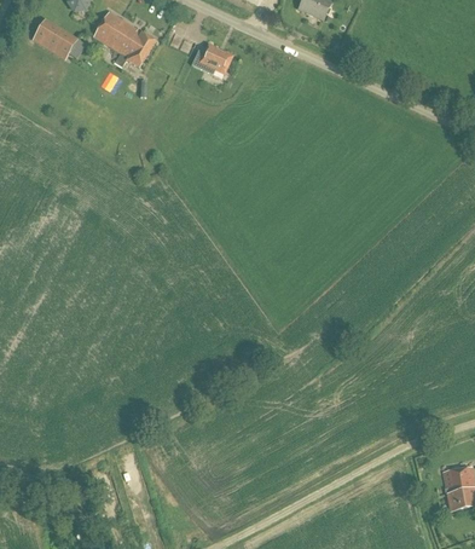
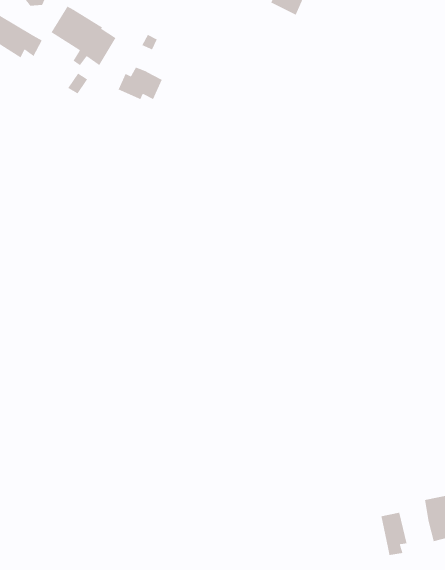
building: [191,42,233,74] -> [117,67,163,100]
building: none -> [380,512,408,556]

